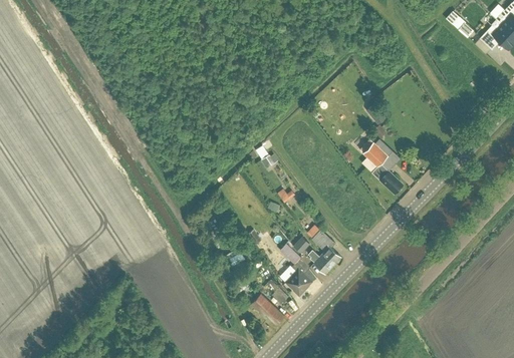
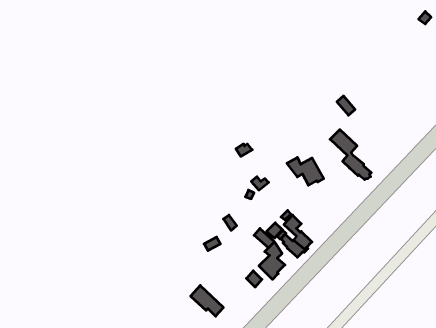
building: none -> [287,157,324,185]
building: [251,294,285,326] -> [191,285,223,316]

